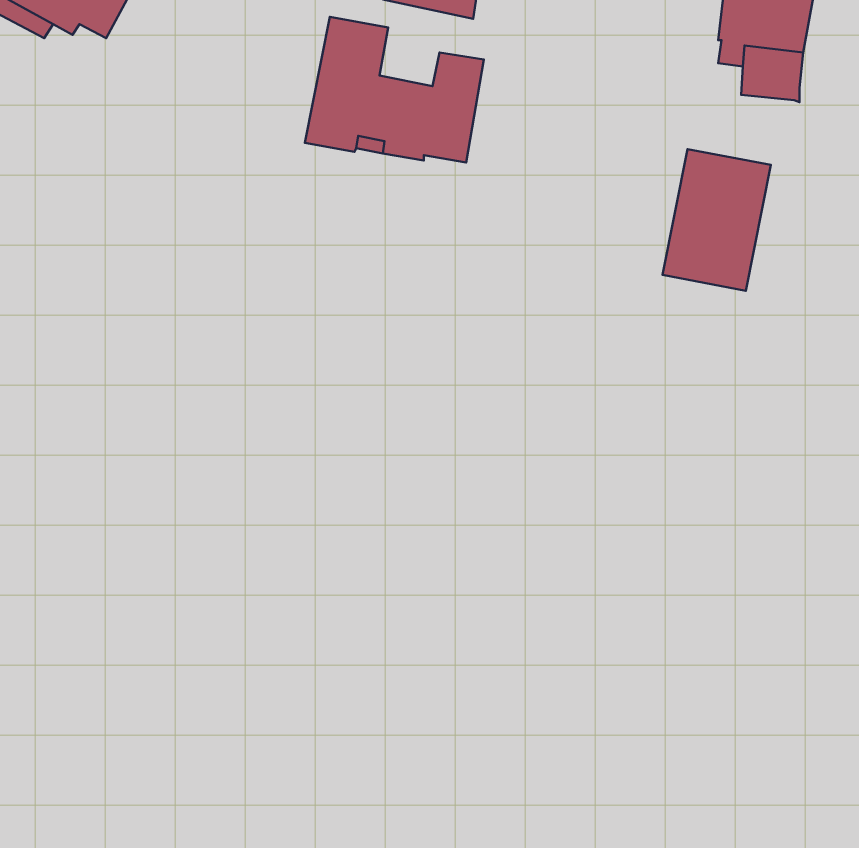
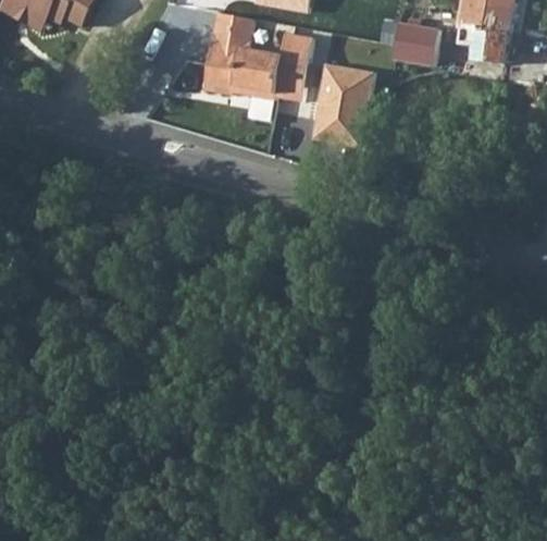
building: none -> [390,22,438,65]
building: [663,149,771,291] -> [304,61,371,148]

